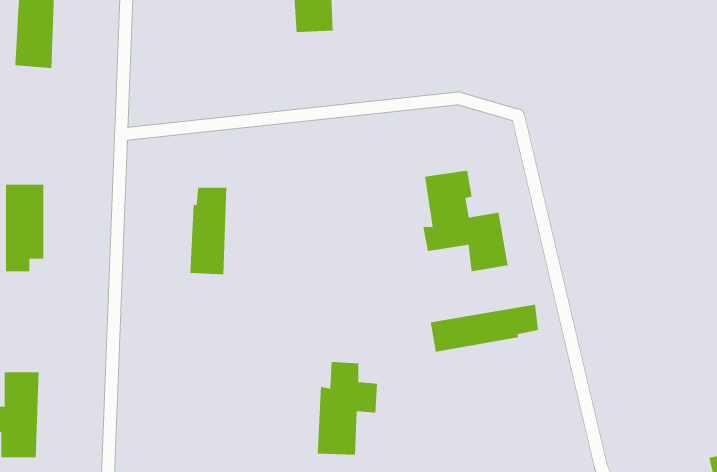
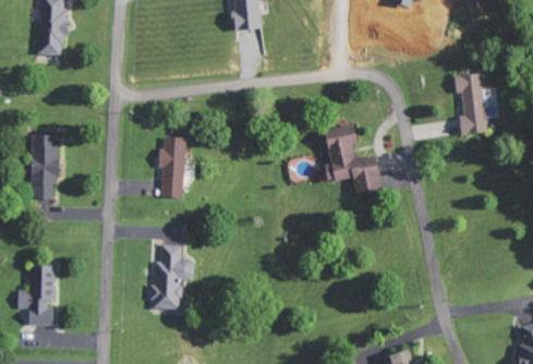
building: none -> [452,73,488,135]
building: [430,304,539,352] -> none
building: [317,362,378,455] -> [152,244,194,310]

